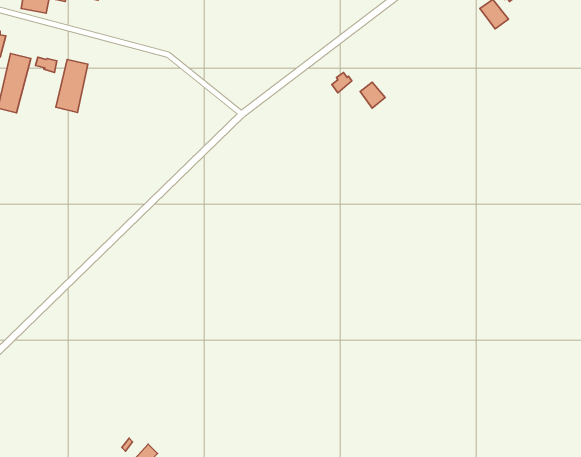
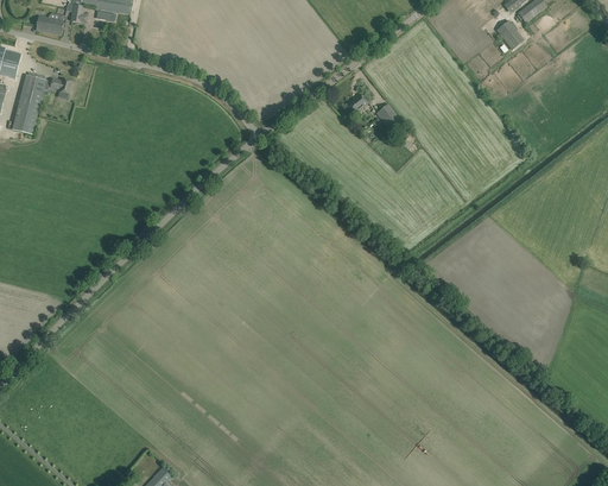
building: [56,60,88,113] -> none

